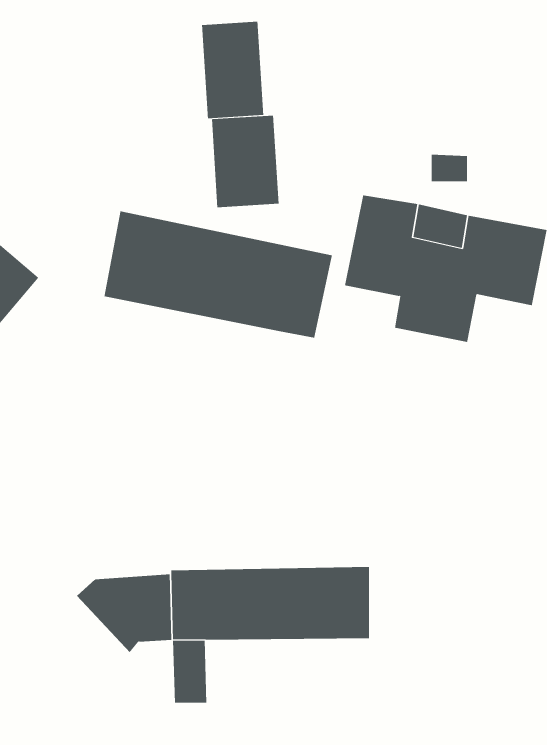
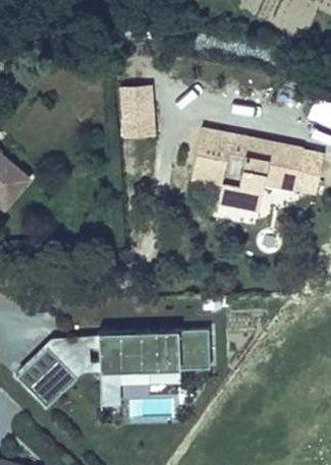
building: [202,21,264,119] -> none
building: [104,211,332,338] -> none
building: none -> [16,349,75,409]

